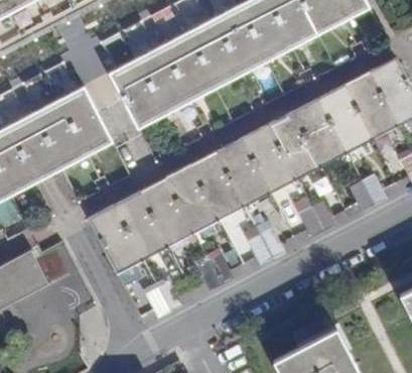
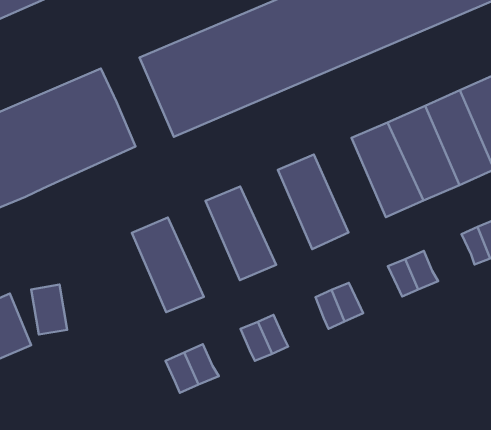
building: [240,121,295,190] -> none
building: [188,148,244,217] -> none
building: [138,174,193,244] -> none
building: [88,202,142,270] -> none

